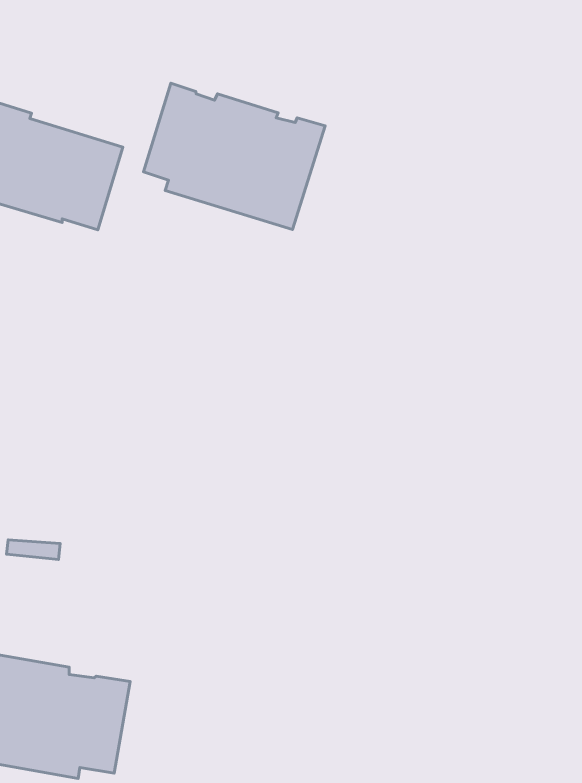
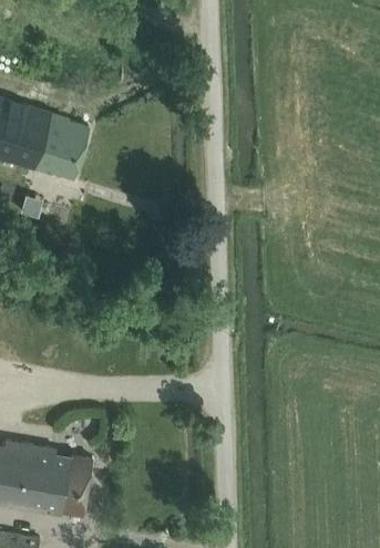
building: [144,83,325,230] -> none

